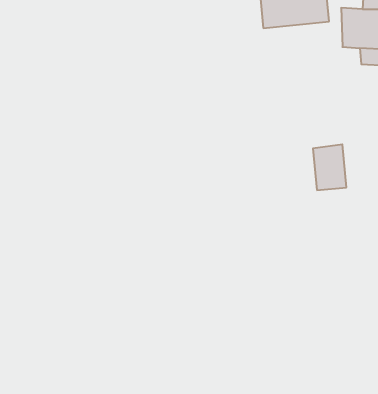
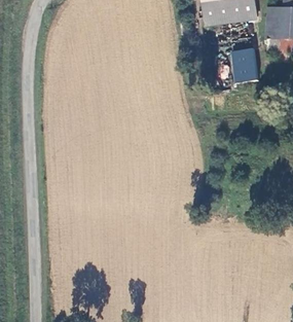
building: [313,144,346,190] -> [230,49,256,84]

